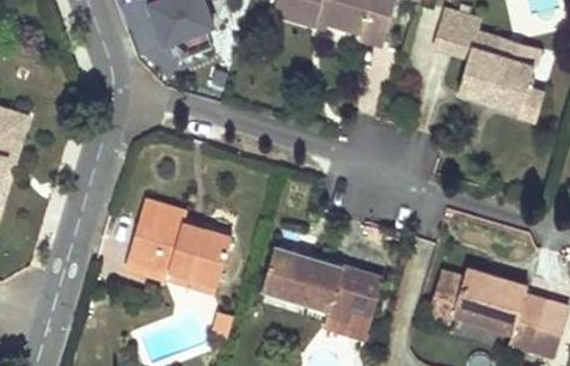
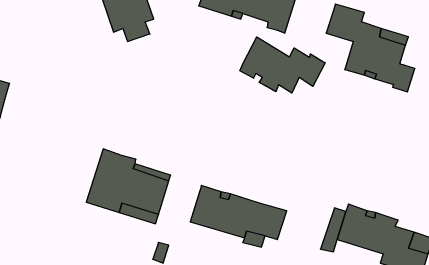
building: none -> [240,37,325,93]

